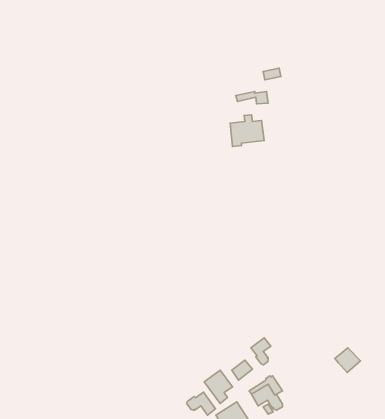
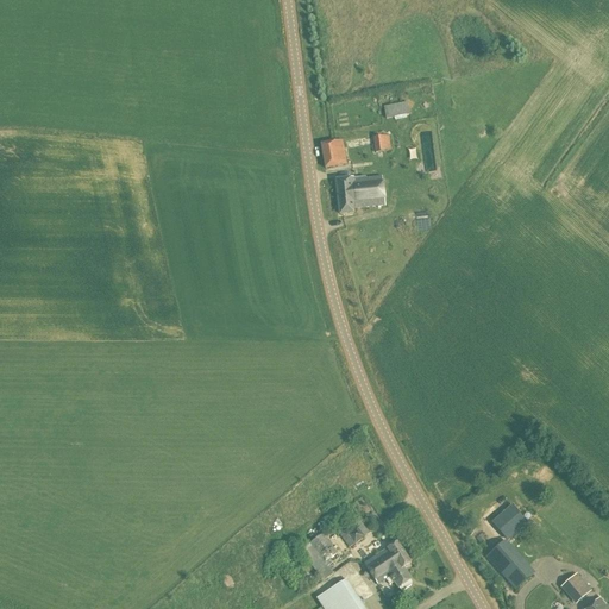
building: none -> [321,139,346,167]
building: [251,338,271,365] -> none
building: none -> [488,541,533,589]
building: [187,392,216,415] -> none

